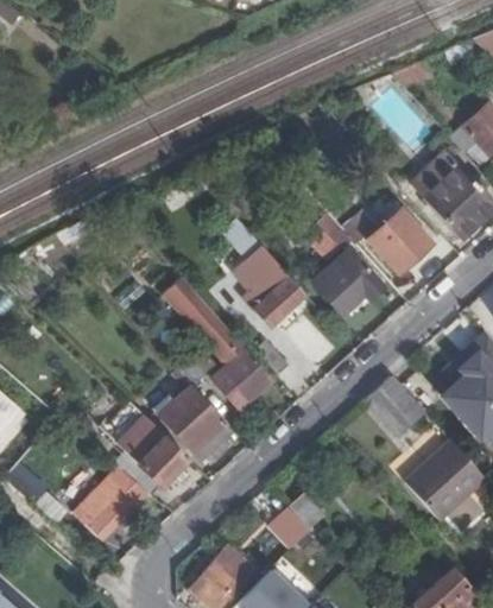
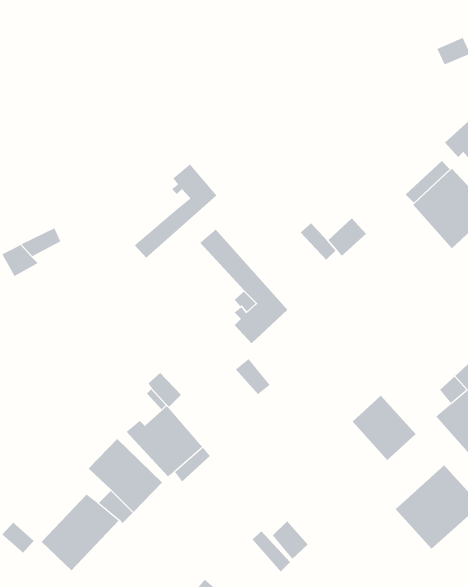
building: none -> [134,163,217,258]
building: [366,209,438,274] -> none
building: [315,253,381,316] -> none
building: [162,277,272,410] -> none

